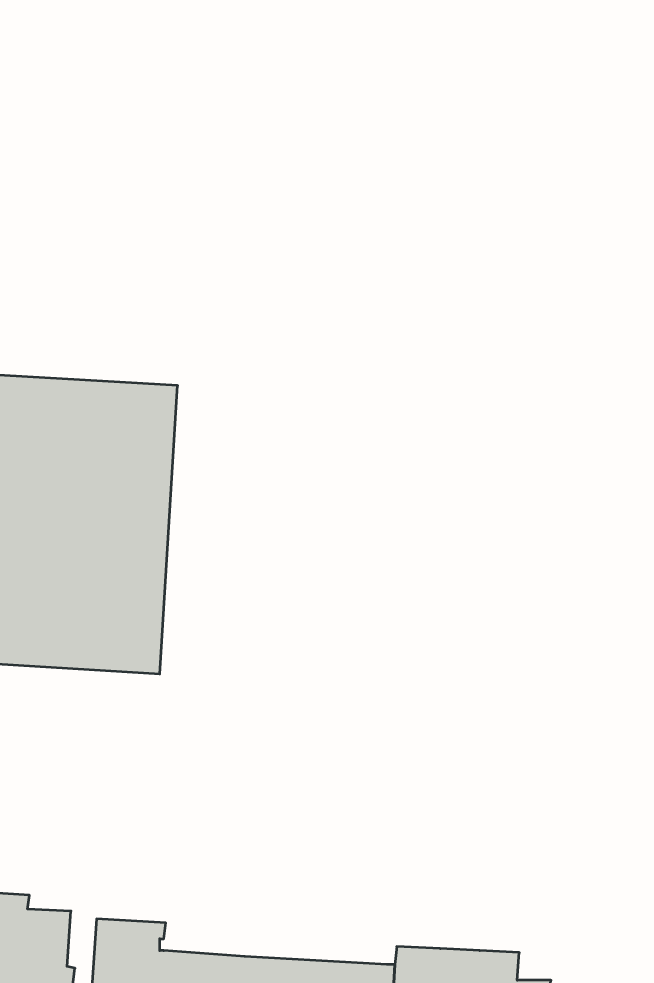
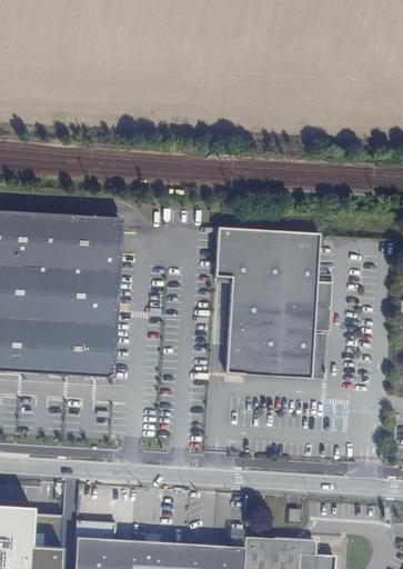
building: none -> [212,227,329,377]

